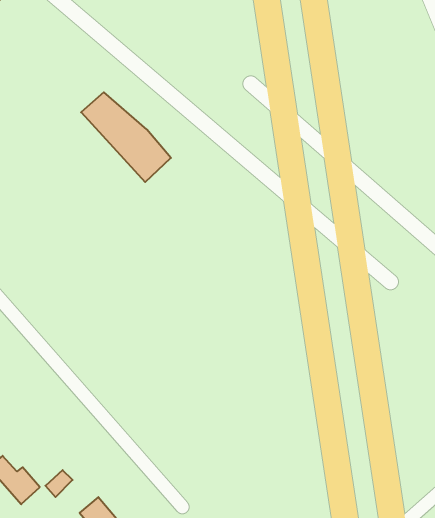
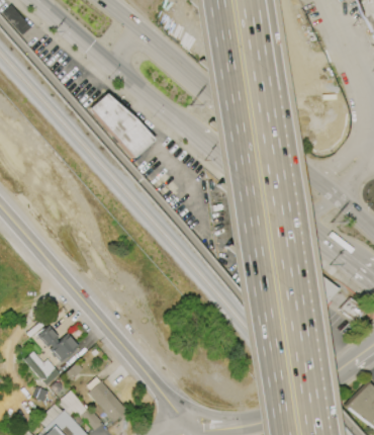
building: none -> [37,326,80,363]

